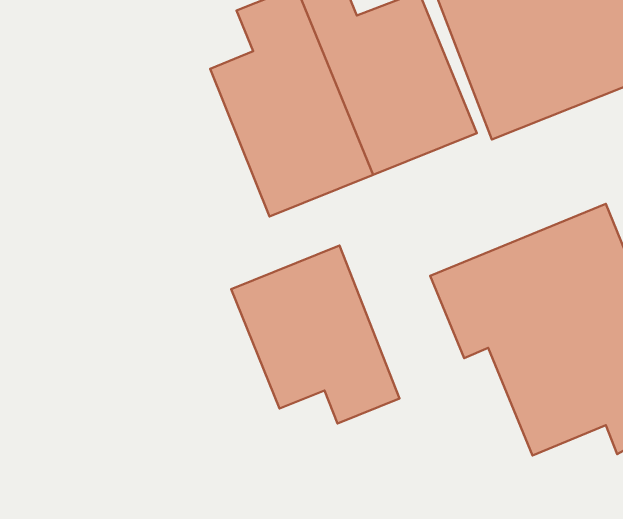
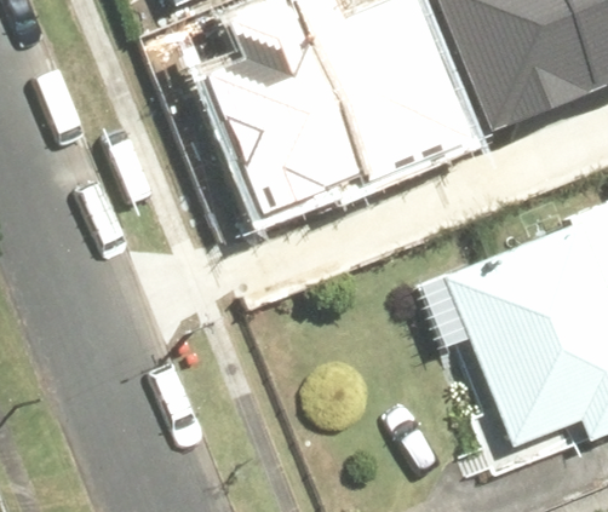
building: [231,246,400,423] -> none

